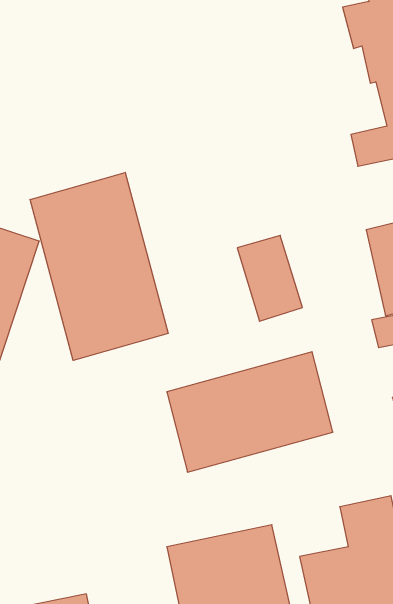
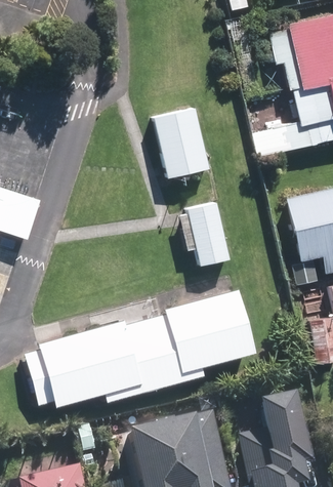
building: none -> [156,107,213,178]
building: [30,172,168,360] -> none
building: none -> [27,318,150,406]

